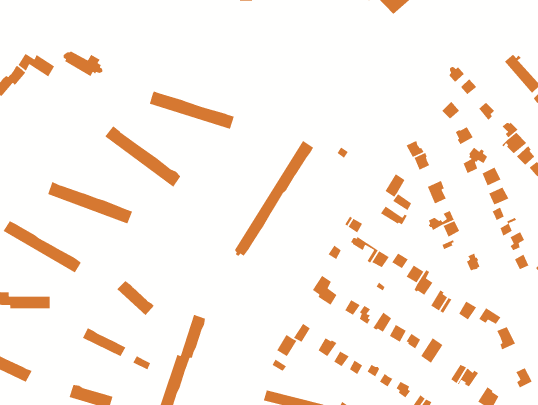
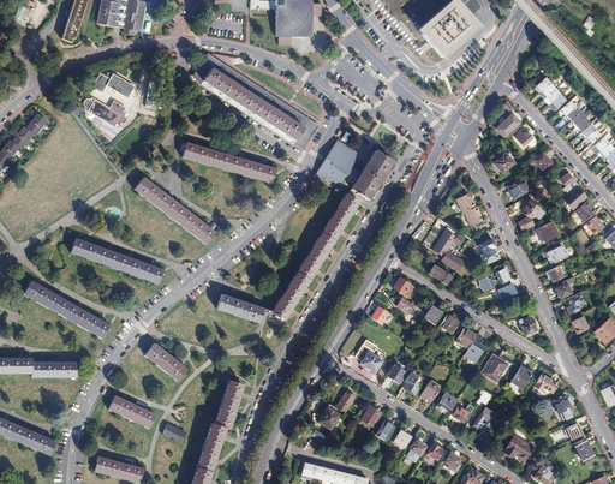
building: none -> [193,55,314,149]
building: none -> [535,72,567,109]
building: [17,53,55,77] -> [95,73,136,100]
building: none -> [315,139,392,201]
building: none -> [220,293,265,321]

